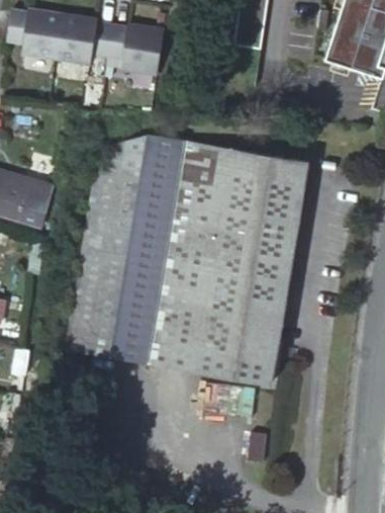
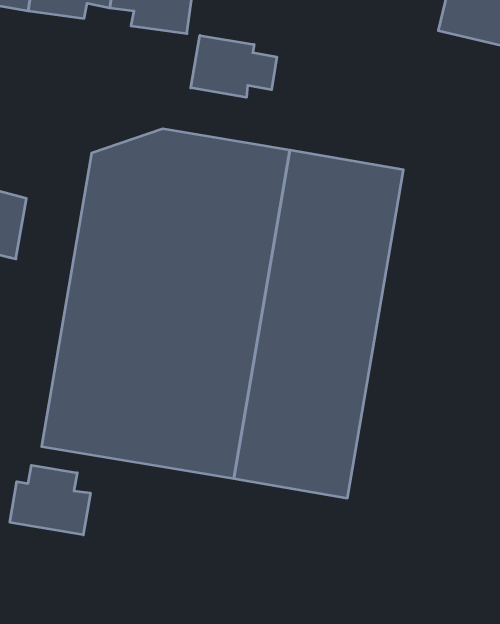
building: none -> [191,35,277,97]
building: none -> [10,465,90,535]

